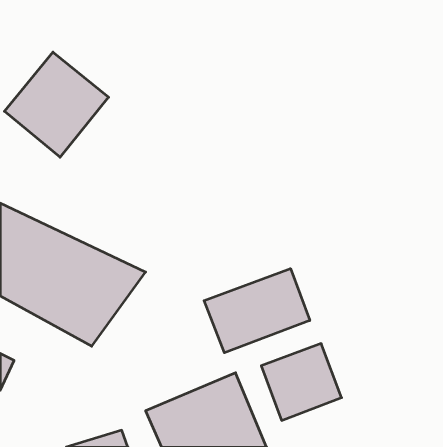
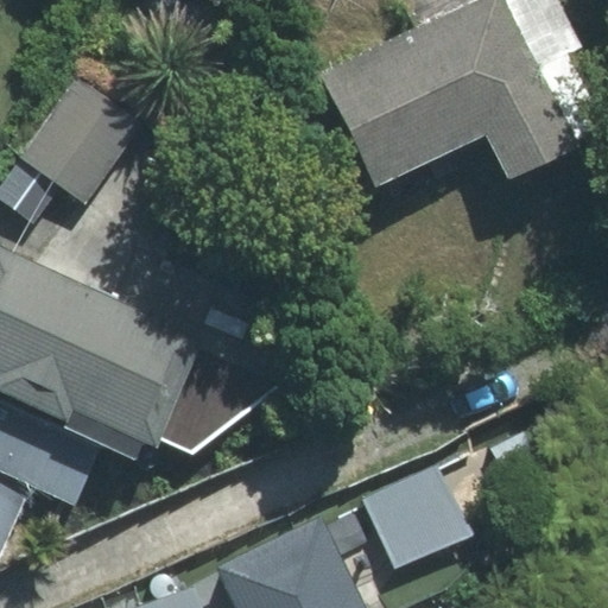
building: none -> [319,8,557,209]
building: [204,269,310,353] -> none

